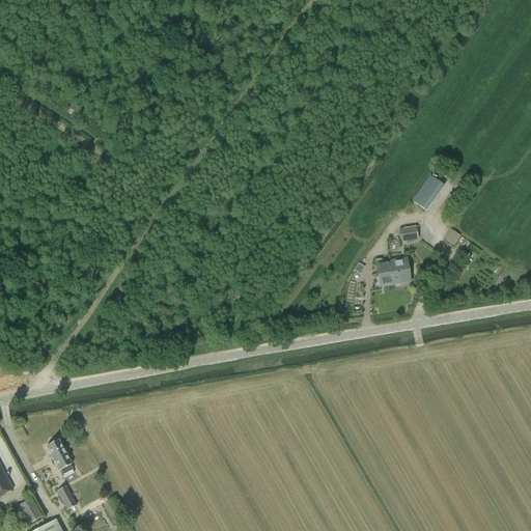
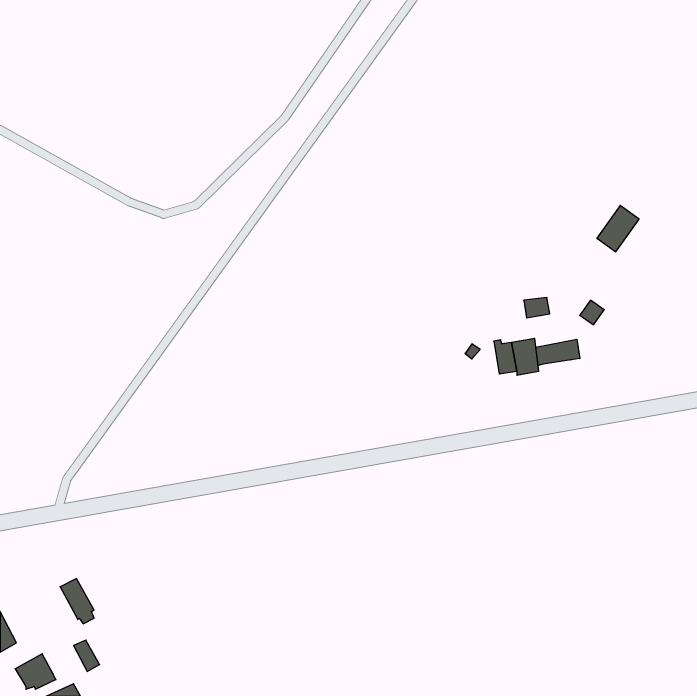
building: [412,175,444,211] -> [597,205,639,252]
building: none -> [536,339,580,366]

